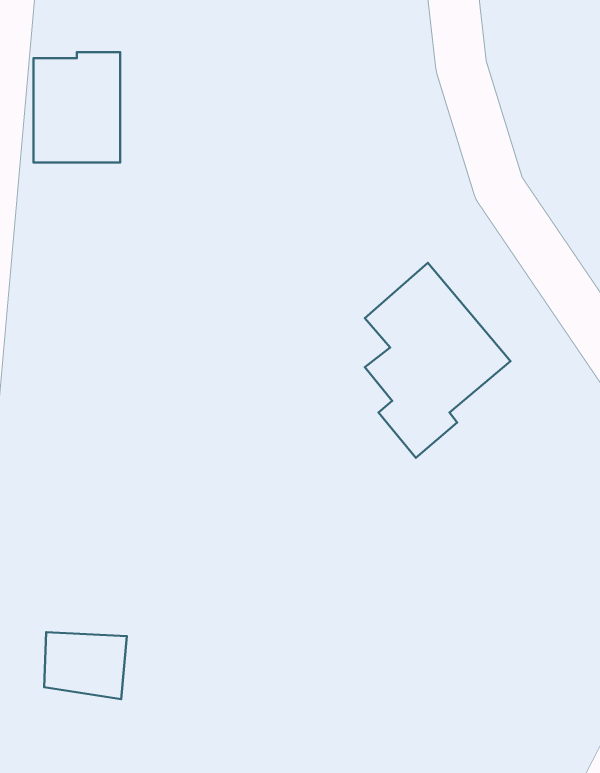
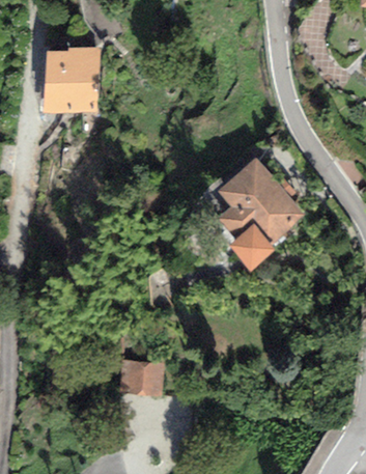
building: [44,632,127,699] -> [119,363,163,398]

